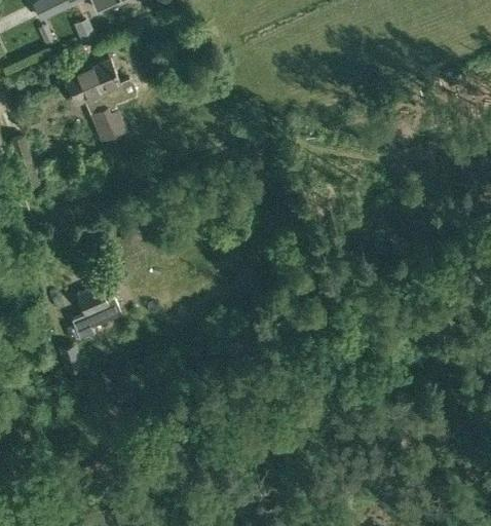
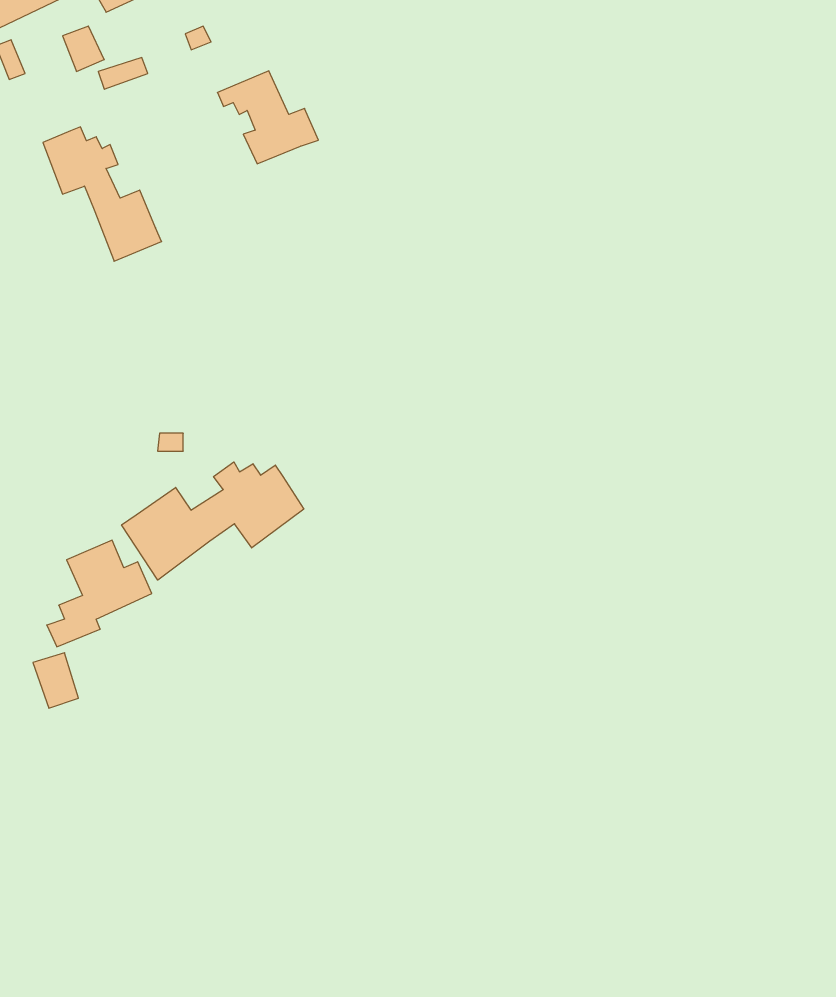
building: [84,60,137,108] -> [217,71,318,164]
building: none -> [122,462,304,580]

